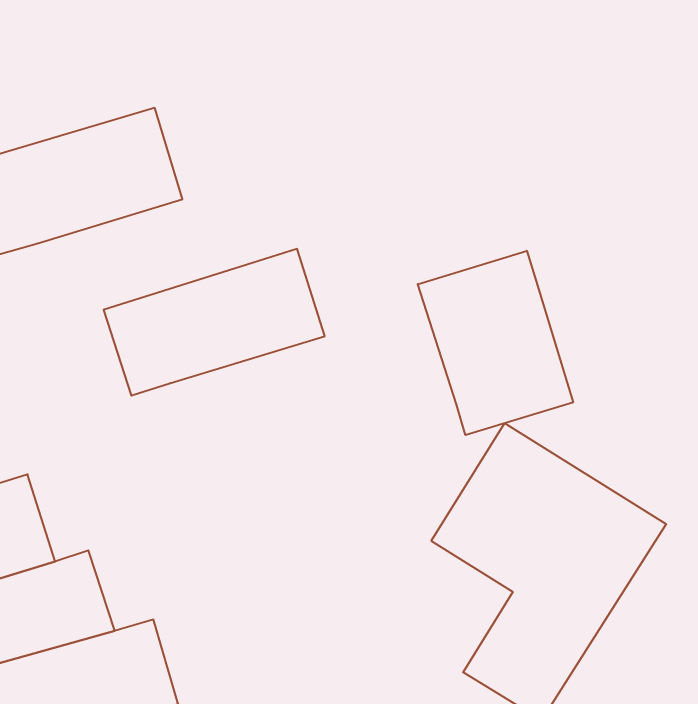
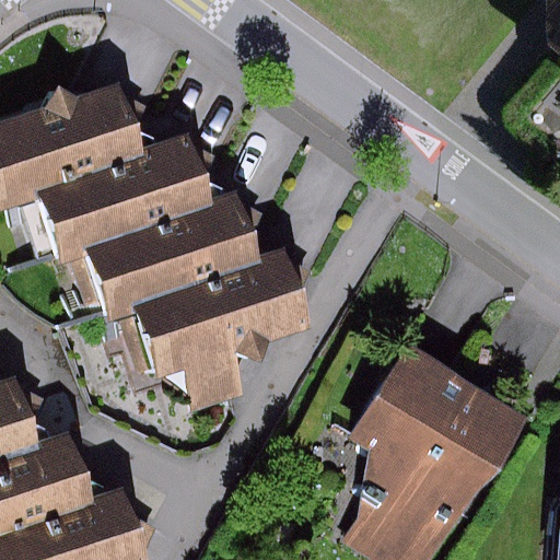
building: none -> [30,148,200,257]
building: [418,251,573,435] -> none
building: none -> [135,260,301,404]

